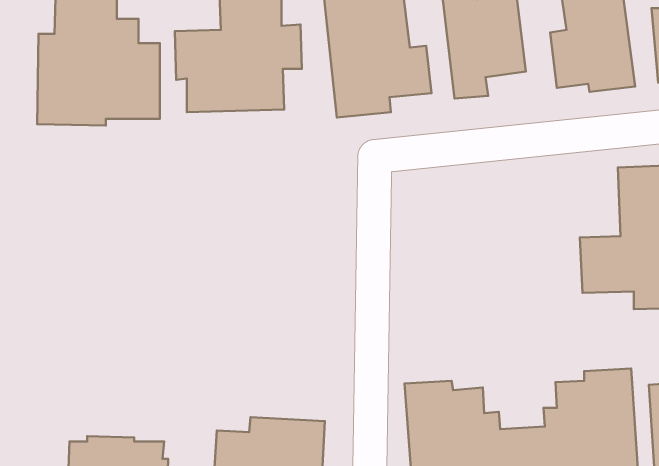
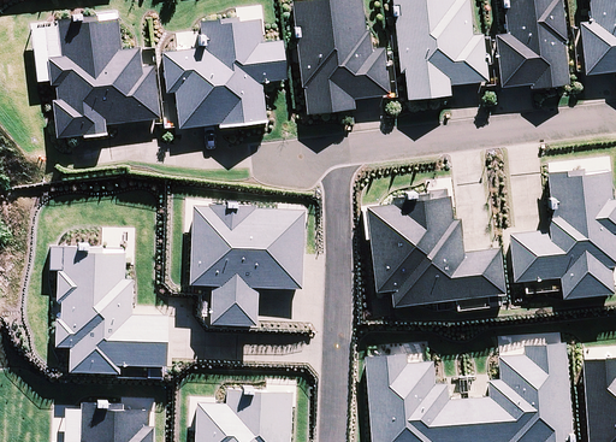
building: none -> [372,189,494,290]
building: none -> [190,204,306,324]
building: none -> [49,246,168,373]

